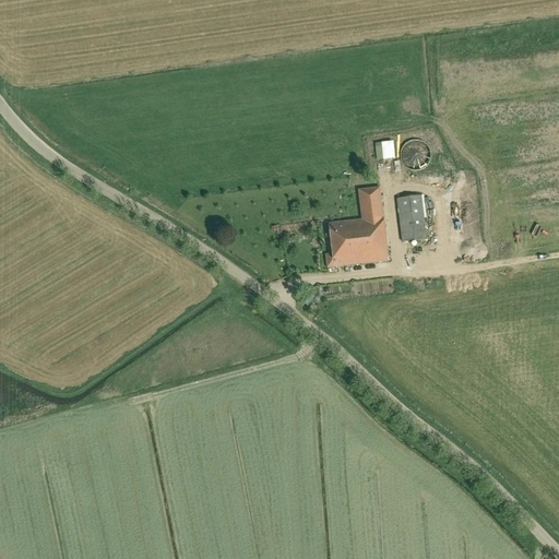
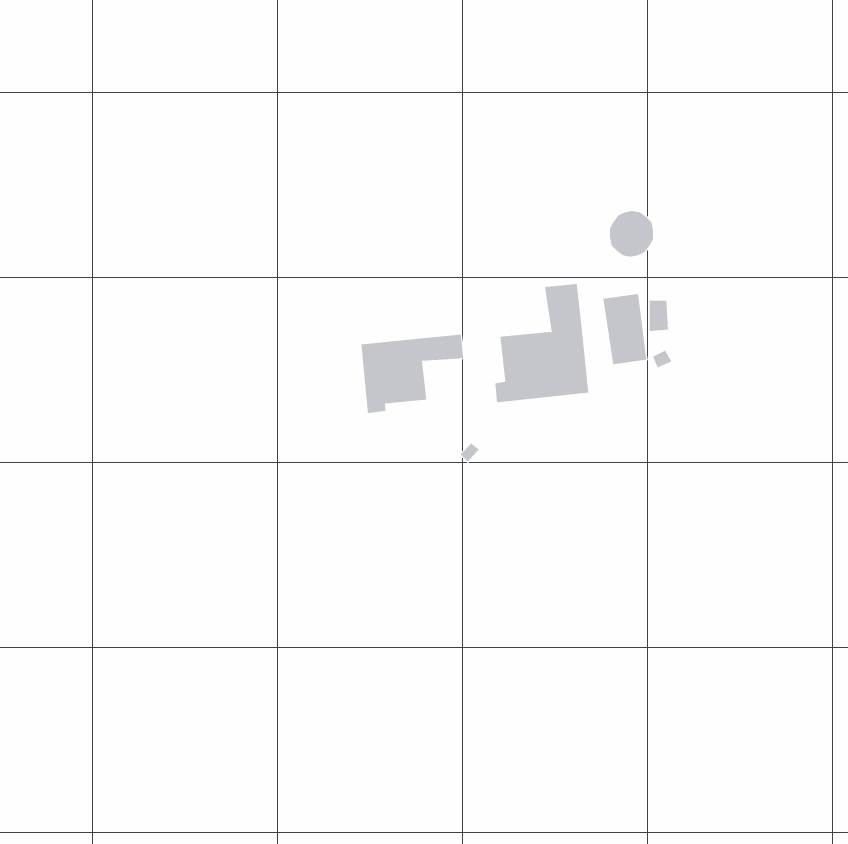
building: none -> [361,334,464,414]

